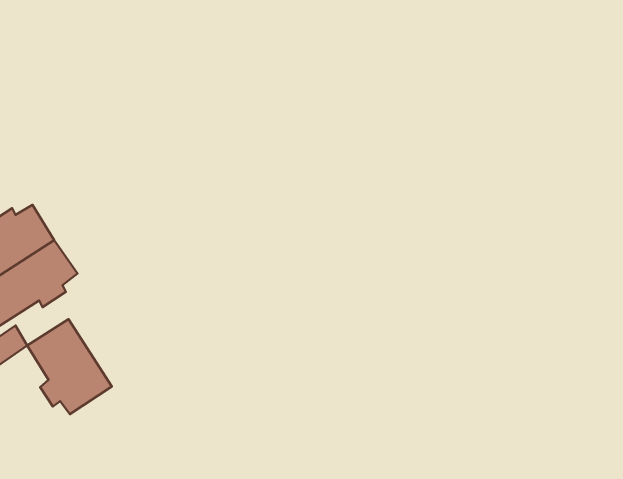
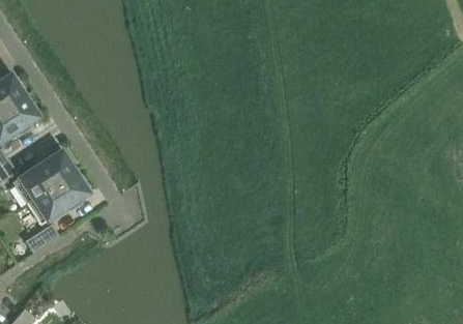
building: [27,319,112,414] -> none

